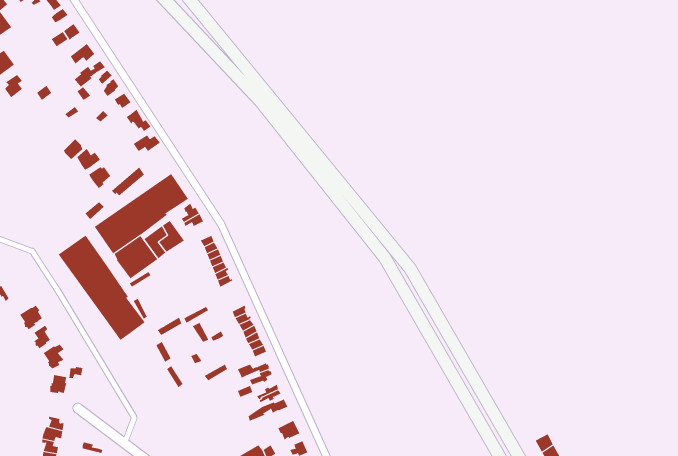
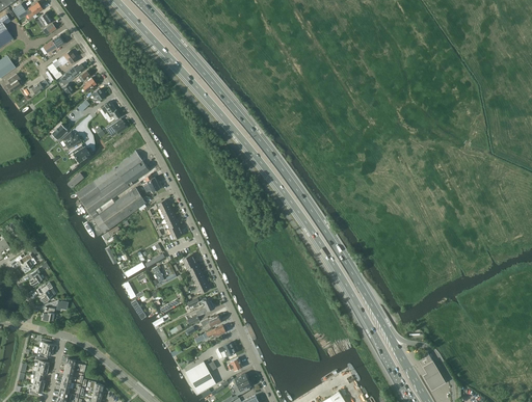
building: [58,235,146,341] -> none

